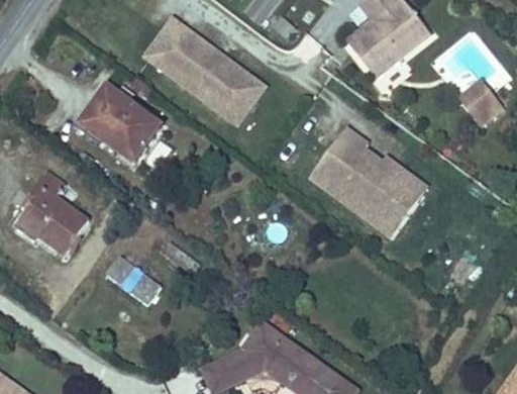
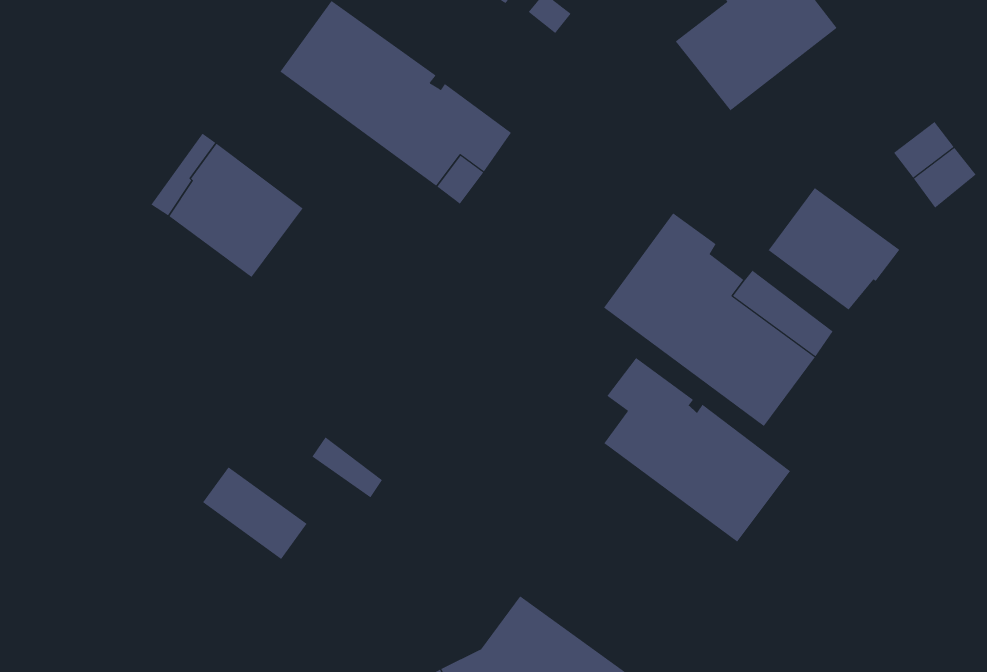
building: none -> [768,187,900,310]
building: [18,170,89,254] -> none
building: none -> [603,357,791,542]

